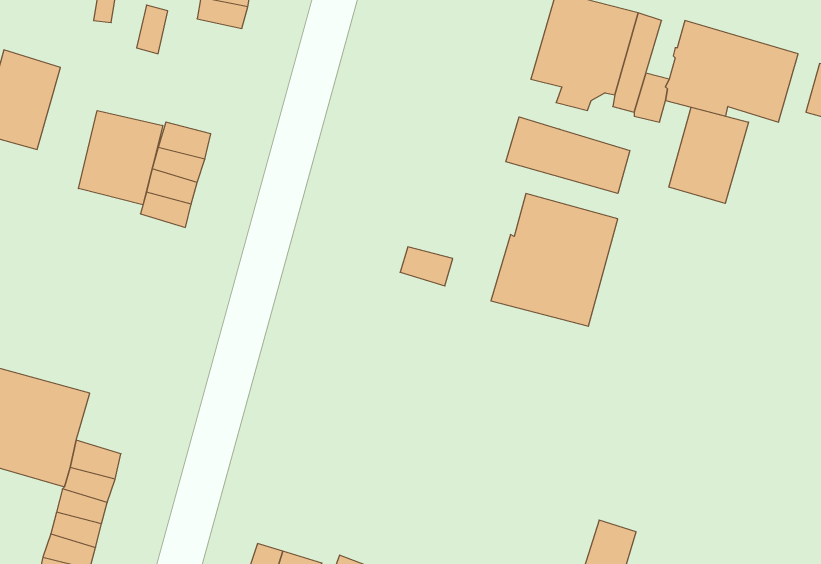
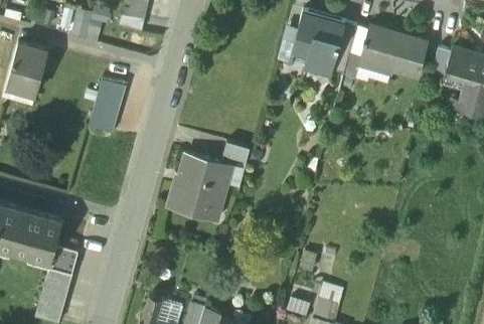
building: [669,107,749,203] -> none
building: [78,111,163,205] -> none
building: [506,117,630,193] -> none
building: [491,194,618,326] -> [167,153,232,221]

